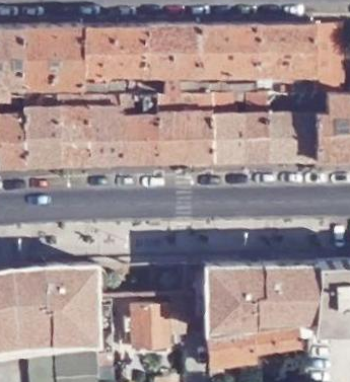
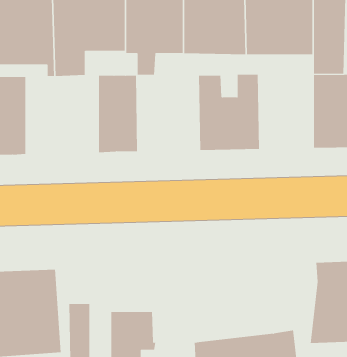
building: [267,95,316,162] -> none
building: [60,96,124,166] -> none
building: [158,96,214,164] -> none
building: [196,261,307,332] -> none

